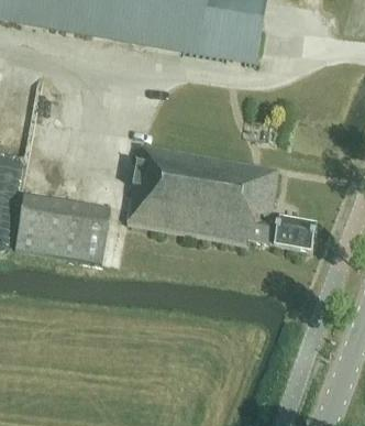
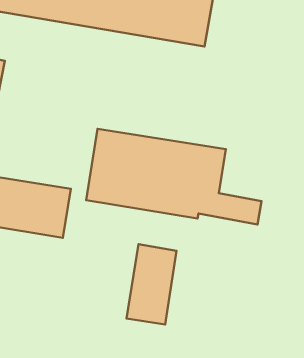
building: none -> [127,244,177,324]

